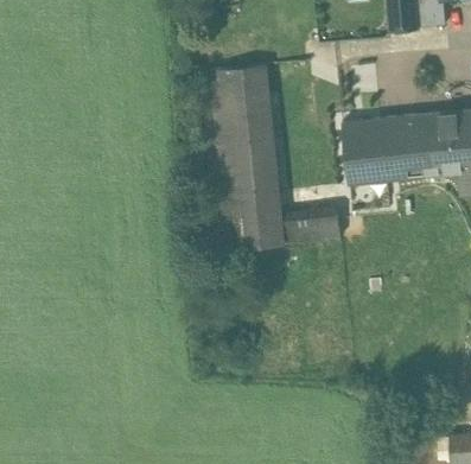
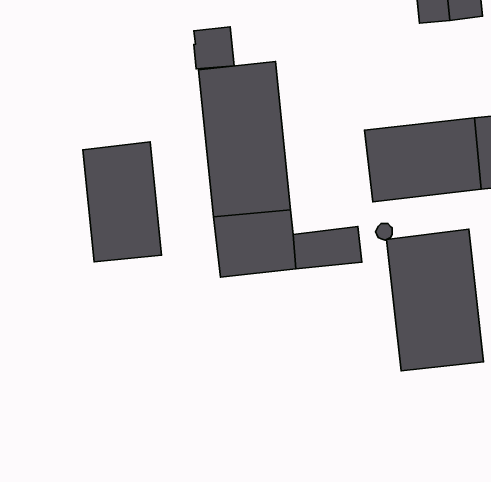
building: none -> [194,27,234,69]
building: none -> [83,142,162,262]
building: none -> [387,229,484,371]

